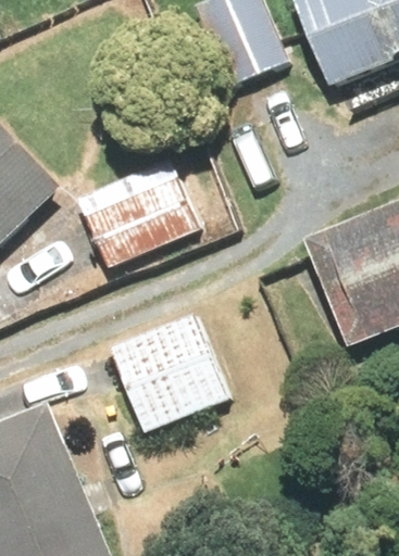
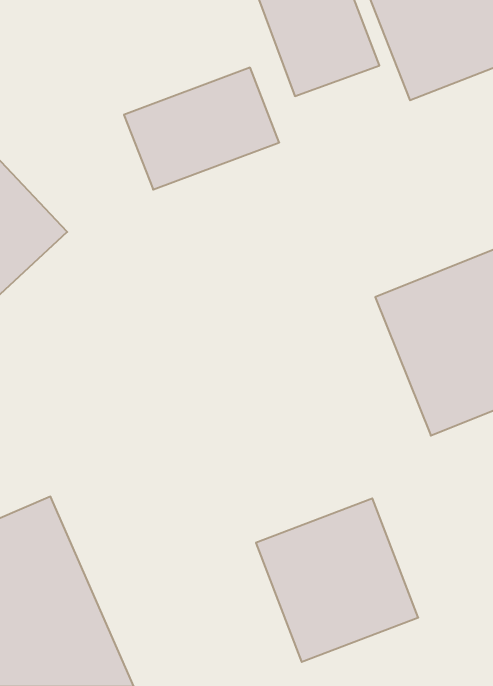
building: [87,168,209,264] -> [124,68,279,190]
building: [114,307,241,435] -> [256,498,418,662]

